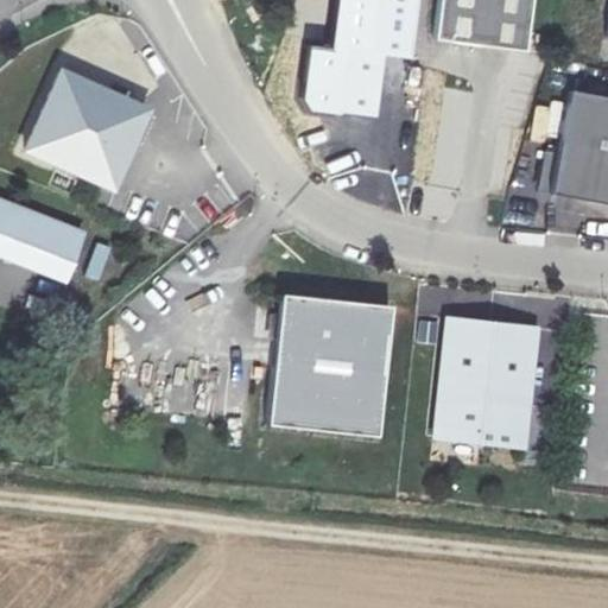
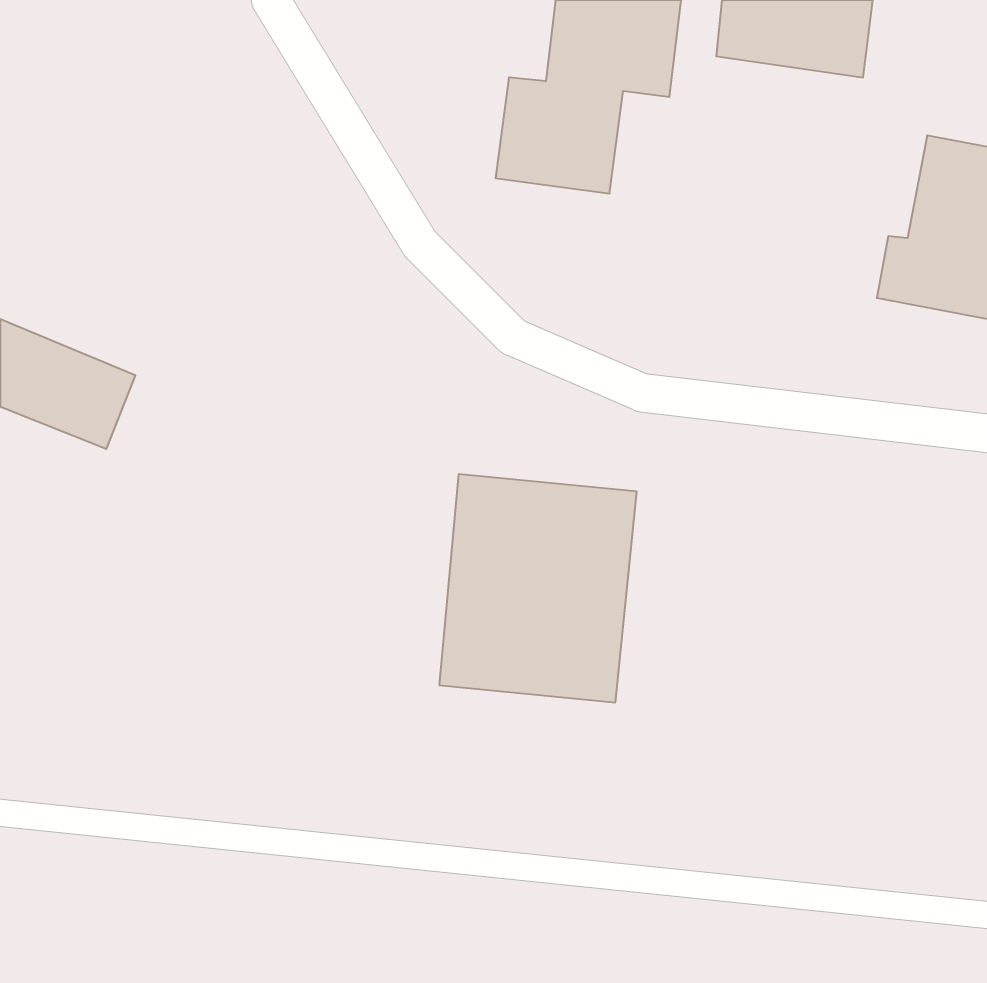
building: [25,68,146,184] -> none
building: [436,321,538,448] -> none

